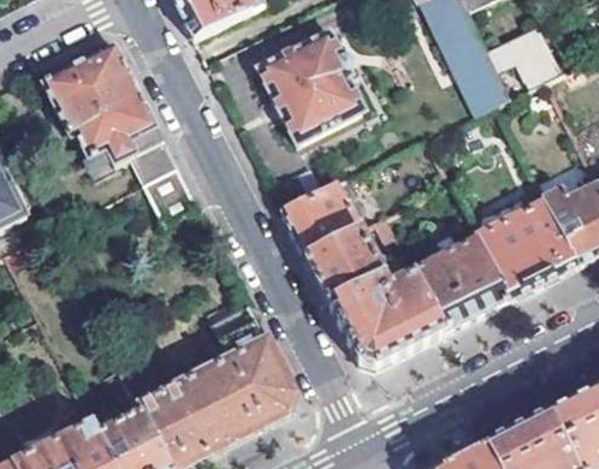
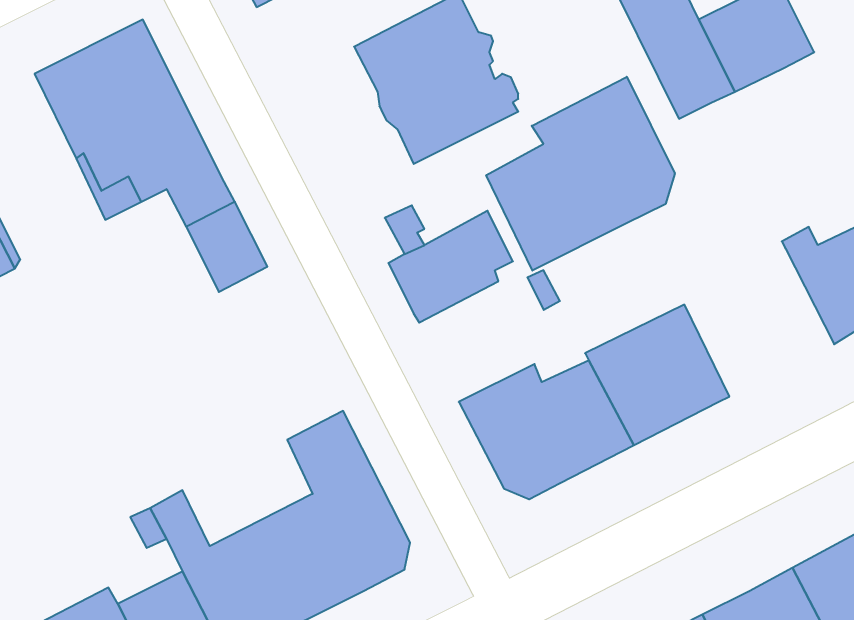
building: none -> [486,77,675,271]
building: [473,196,575,295] -> none
building: [301,224,378,298] -> none

